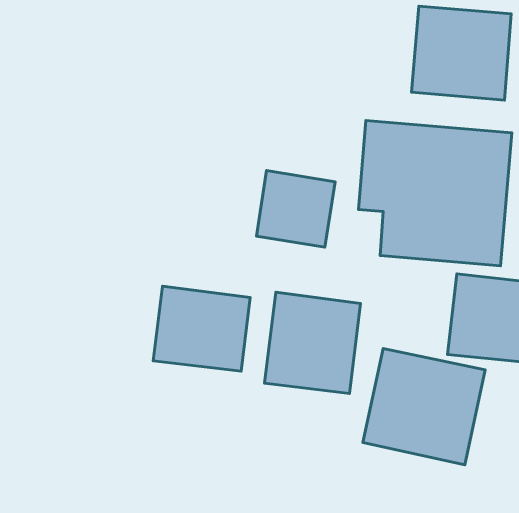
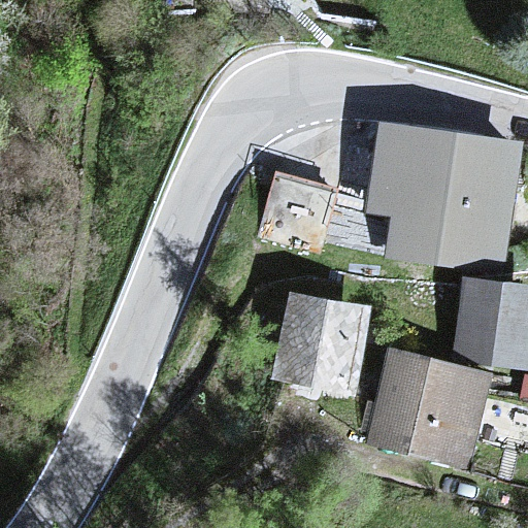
building: [411,6,511,100] -> none
building: [153,286,250,371] -> none

